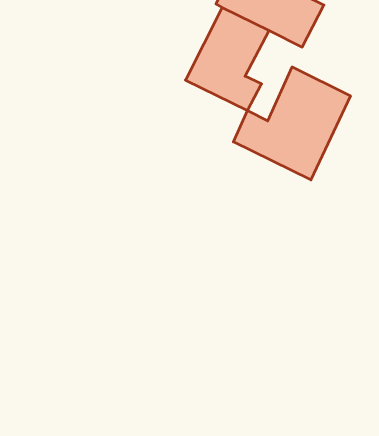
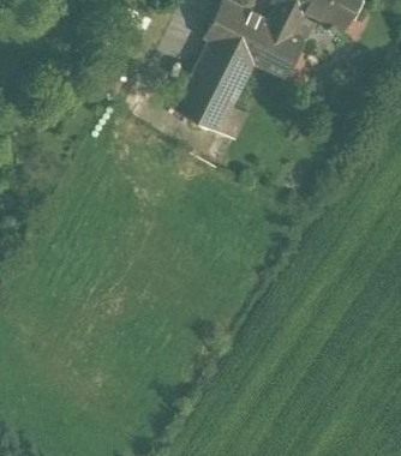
building: [233,67,350,180] -> none

